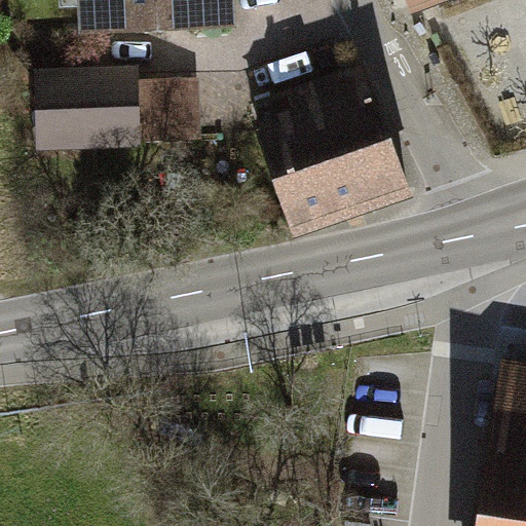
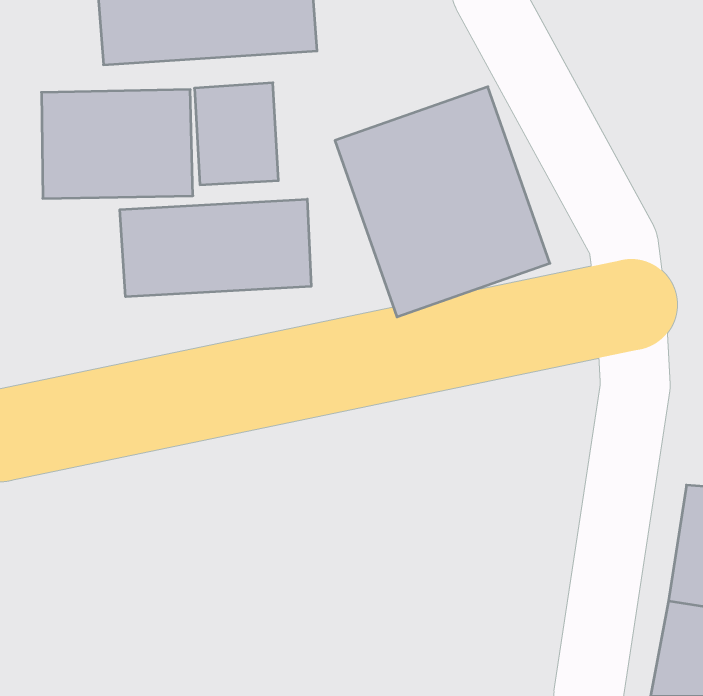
building: none -> [120,199,311,297]

